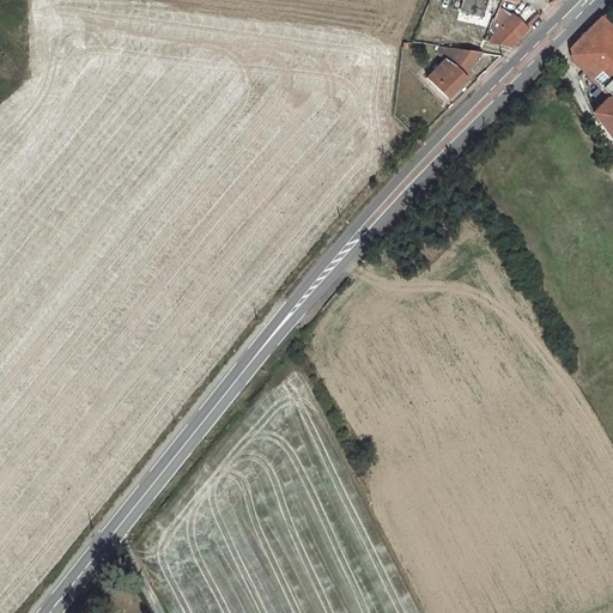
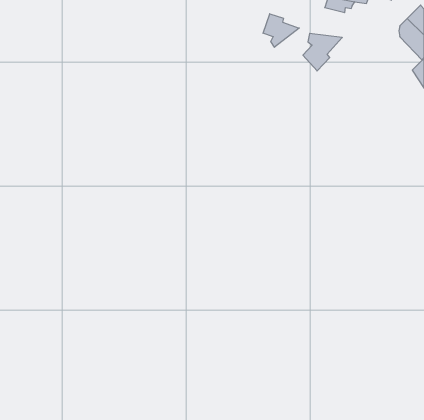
building: [494,8,530,45] -> none
building: none -> [263,14,299,47]

